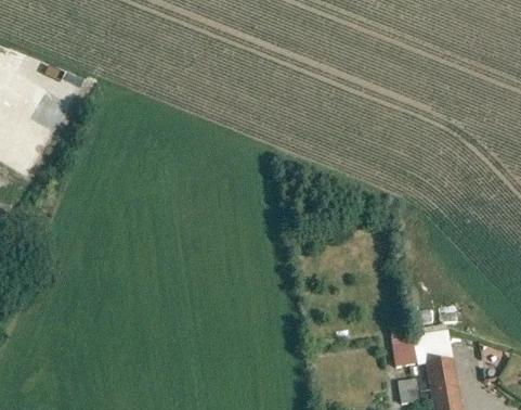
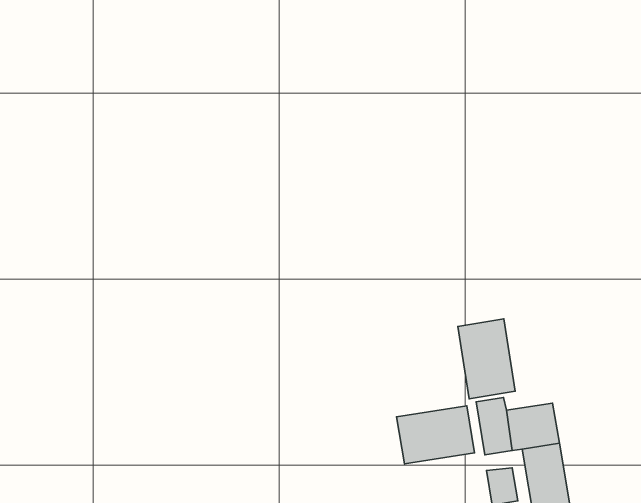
building: none -> [458,319,515,399]
building: none -> [397,406,475,464]

